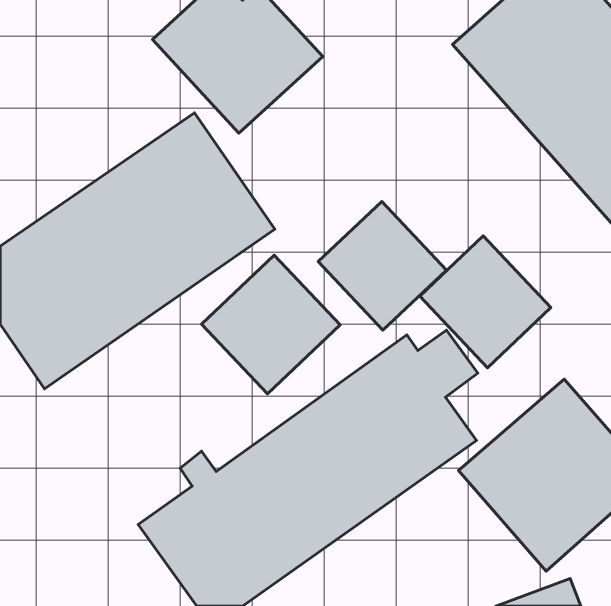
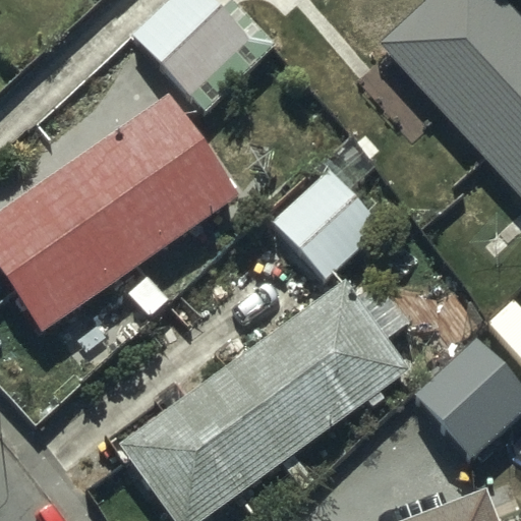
building: [420,236,551,368] -> none
building: [201,255,340,394] -> none

